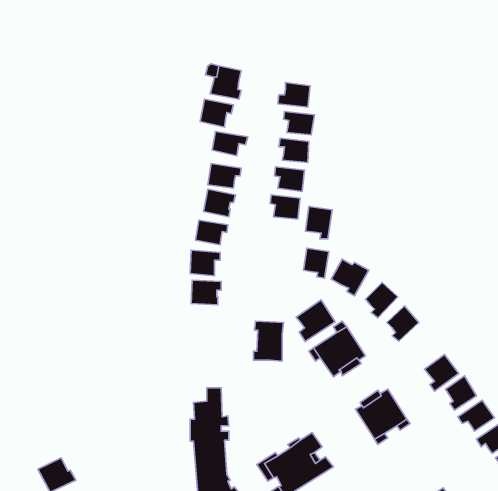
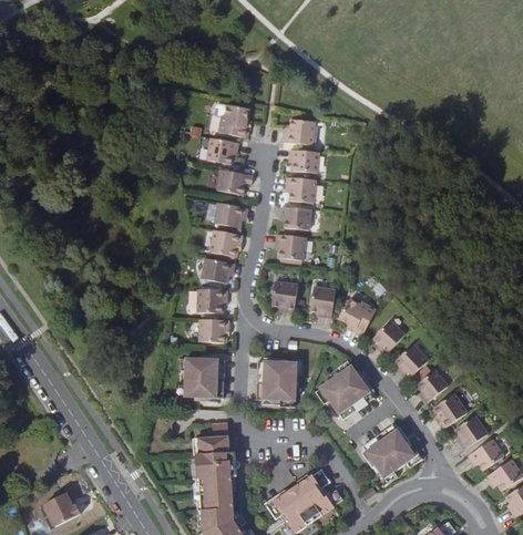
building: [305,207,332,239] -> [271,279,298,311]
building: [296,300,335,341] -> none
building: none -> [185,357,222,397]
building: none -> [414,369,445,403]

